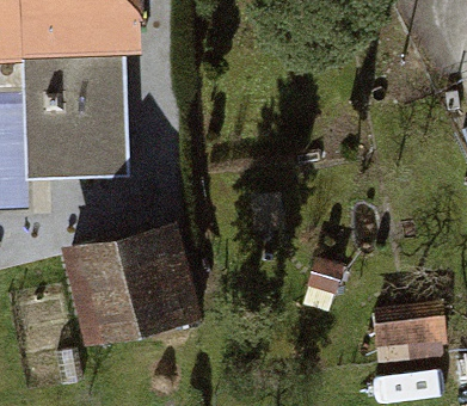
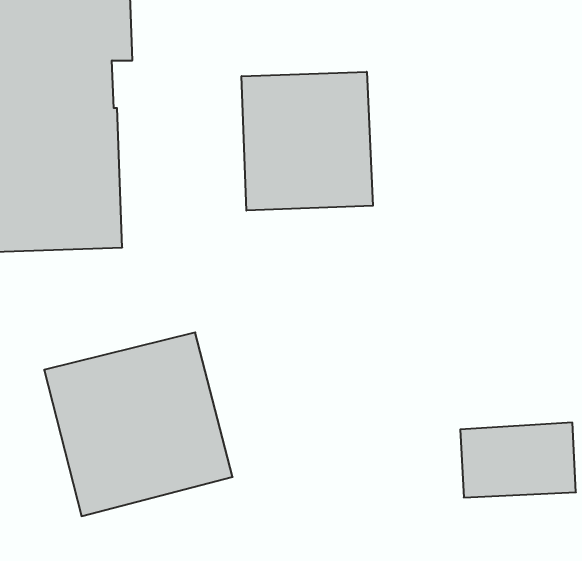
building: none -> [242,72,373,211]

